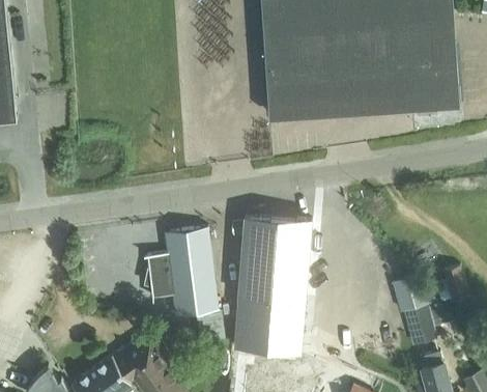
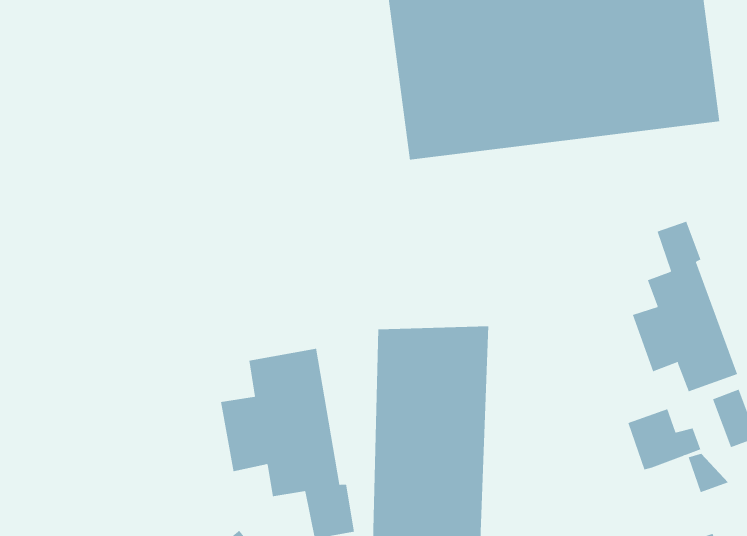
building: none -> [632,221,738,392]
building: [405,305,434,345] -> none

